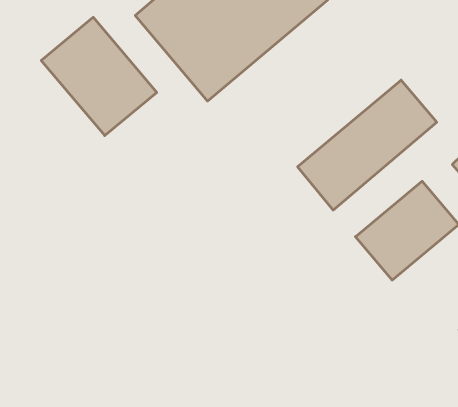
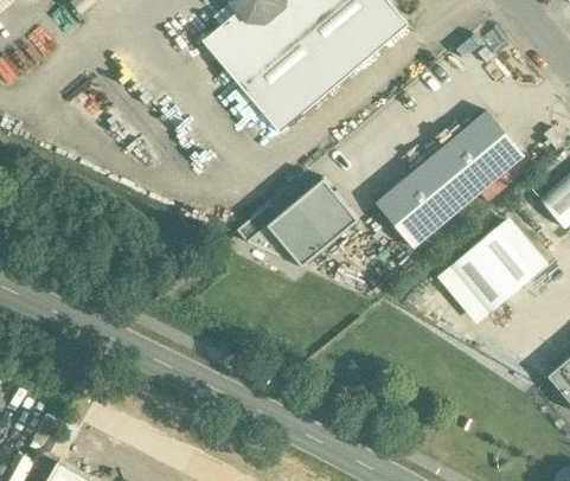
building: [41,17,157,136] -> none
building: none -> [267,179,359,268]

